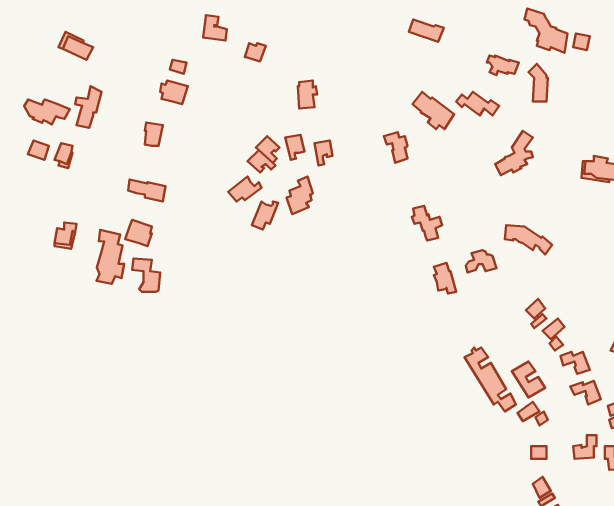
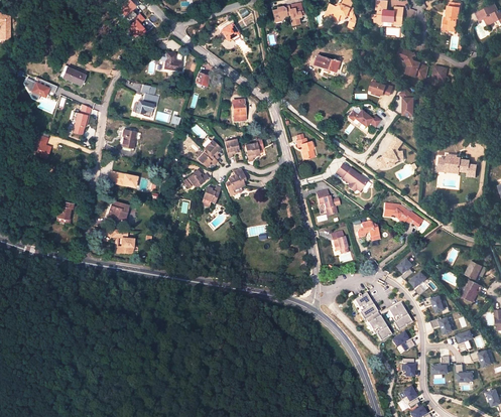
building: [413,92,454,129] -> [335,164,365,191]
building: [24,99,70,124] -> [24,79,57,97]
building: [97,230,124,284] -> none

